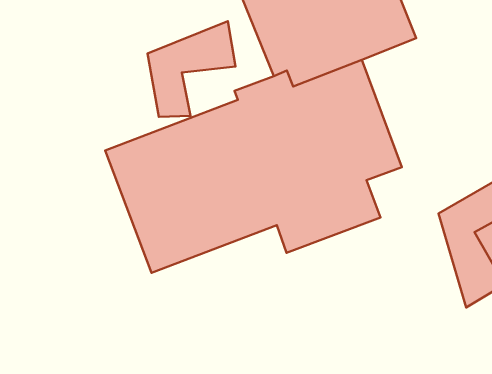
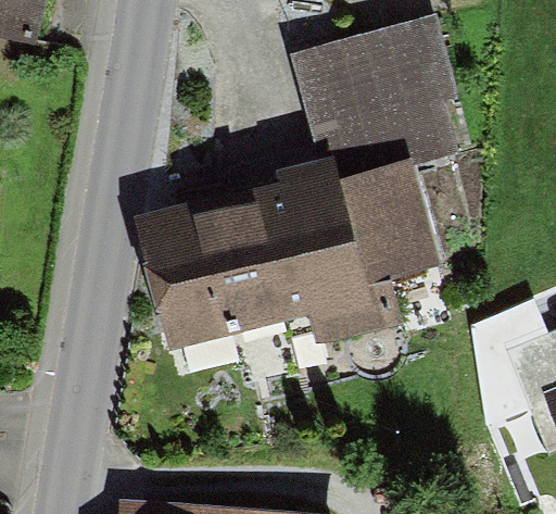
building: [147,21,235,117] -> none

